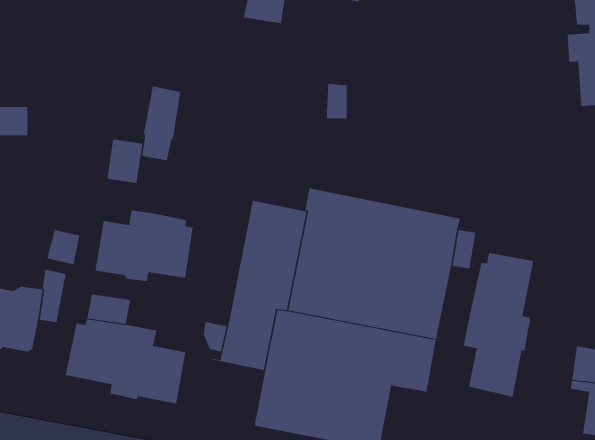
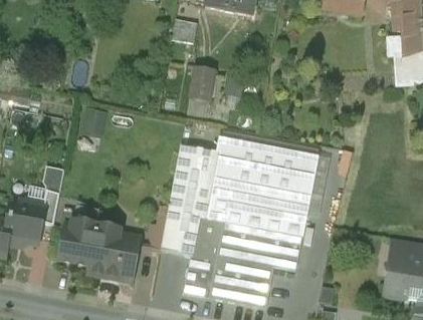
building: [141,86,181,161] -> [187,65,213,114]
building: [95,209,193,282] -> none
building: [463,252,534,397] -> none

